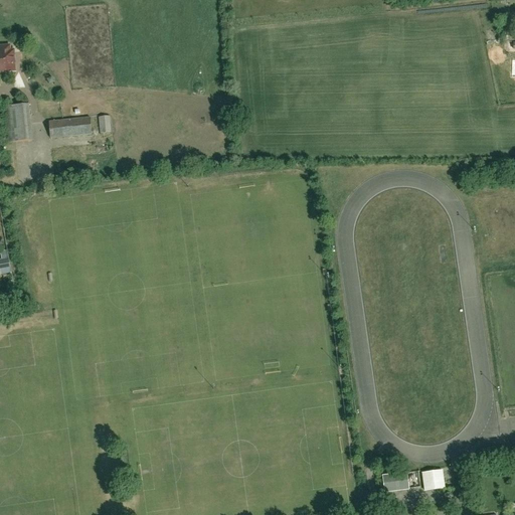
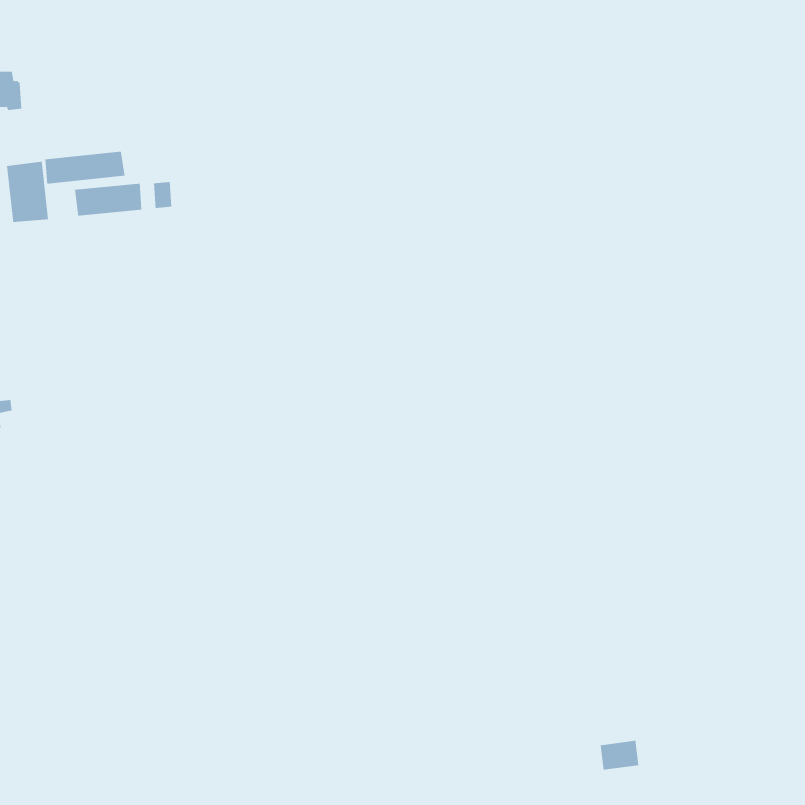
building: none -> [45,151,125,185]
building: [421,470,444,490] -> none

